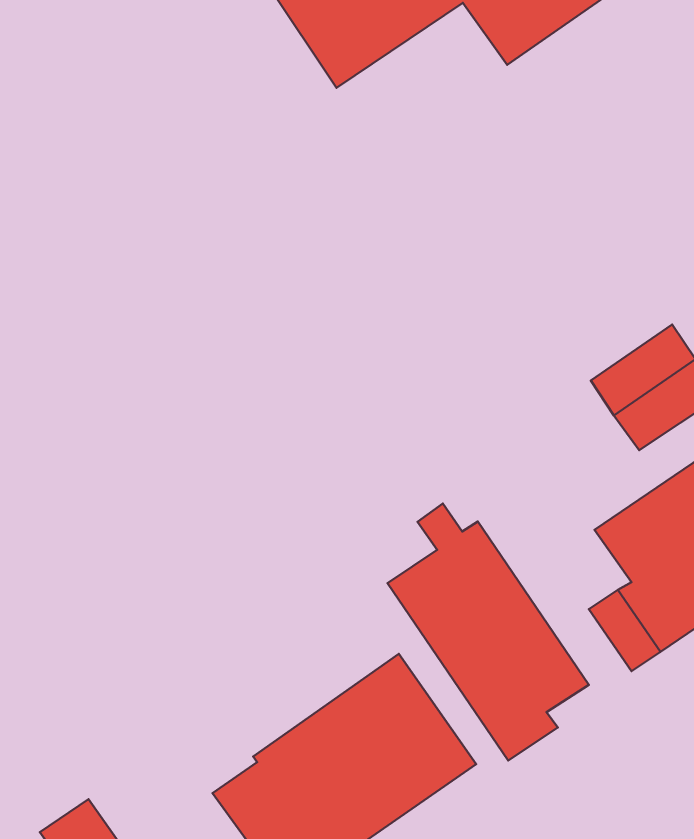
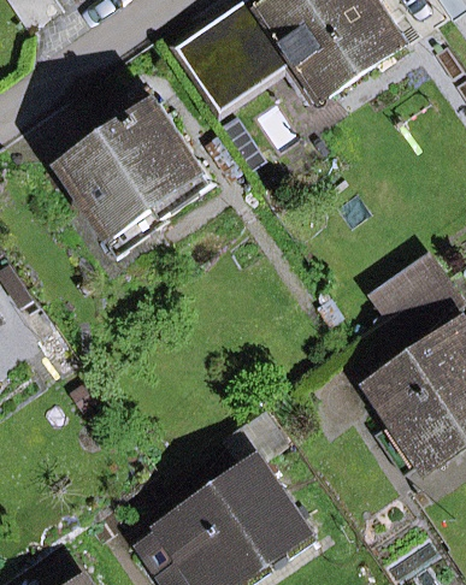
building: none -> [64,101,212,255]
building: [387,503,589,761] -> none

